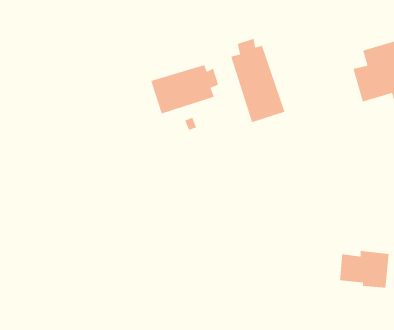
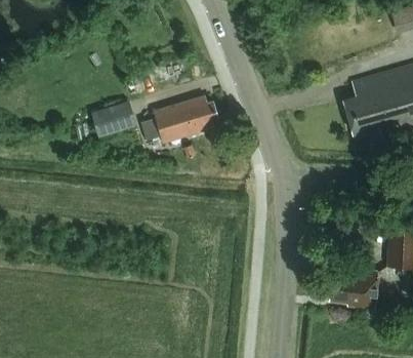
building: [230,38,285,123] -> none
building: none -> [92,102,137,138]

